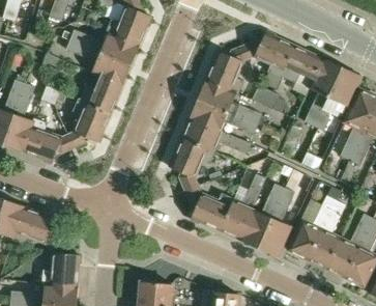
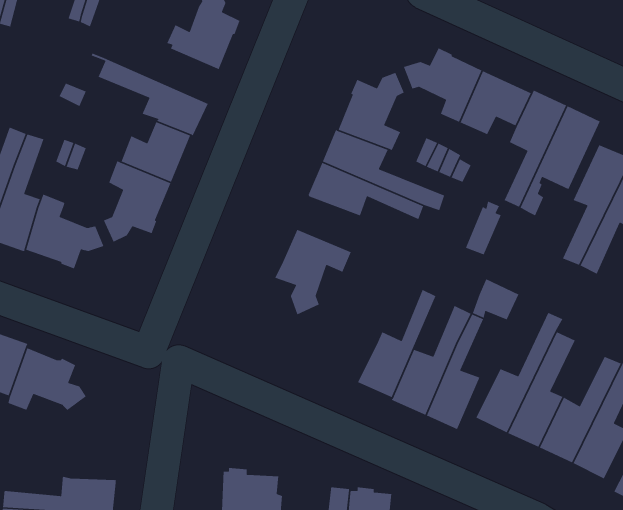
building: [63,30,139,65] -> none
building: [183,120,252,155] -> none
building: [186,188,233,229] -> none
building: [42,242,80,286] -> none

